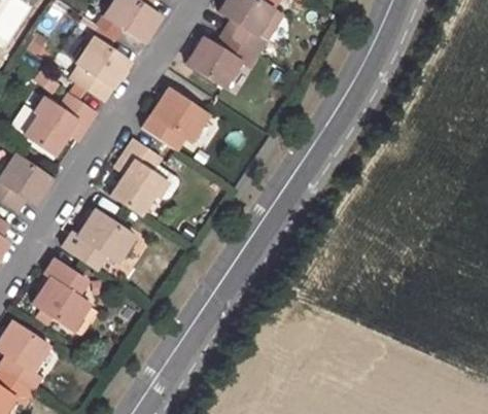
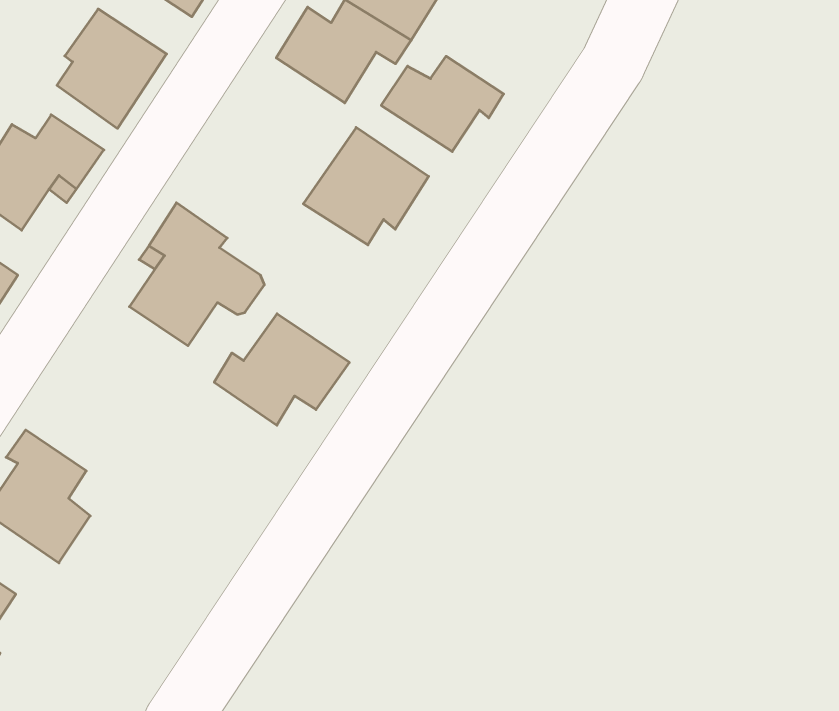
building: none -> [381,56,504,152]
building: [142,89,208,150] -> [303,127,429,245]
building: [64,211,135,270] -> [214,314,349,425]

